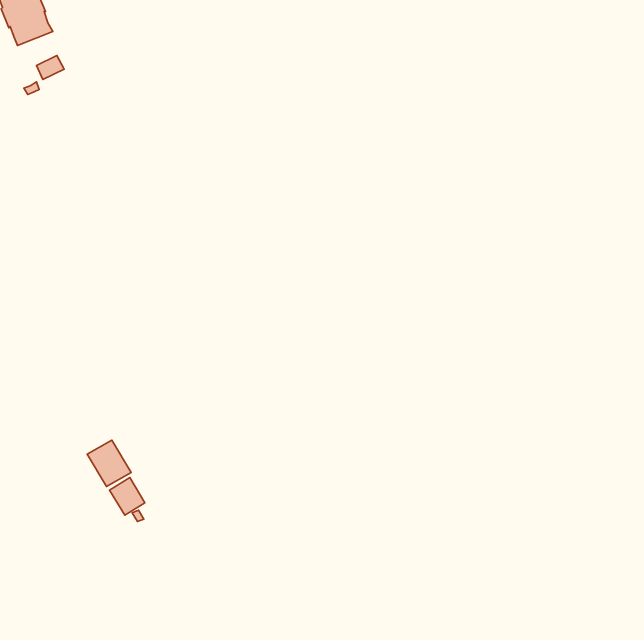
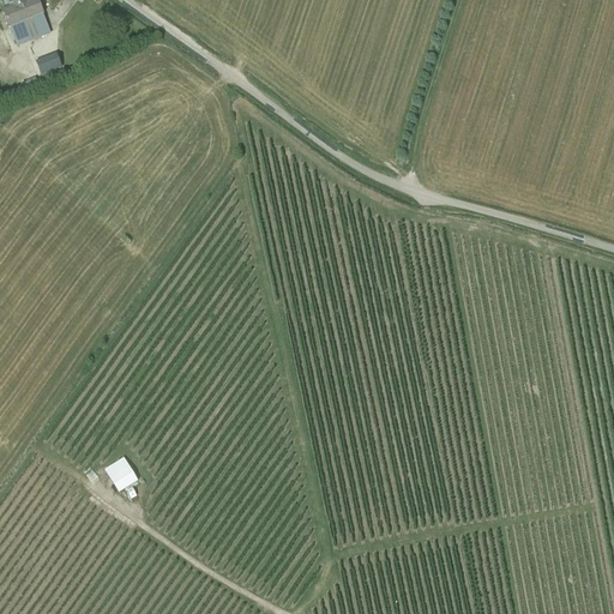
building: [87,440,131,487] -> none

